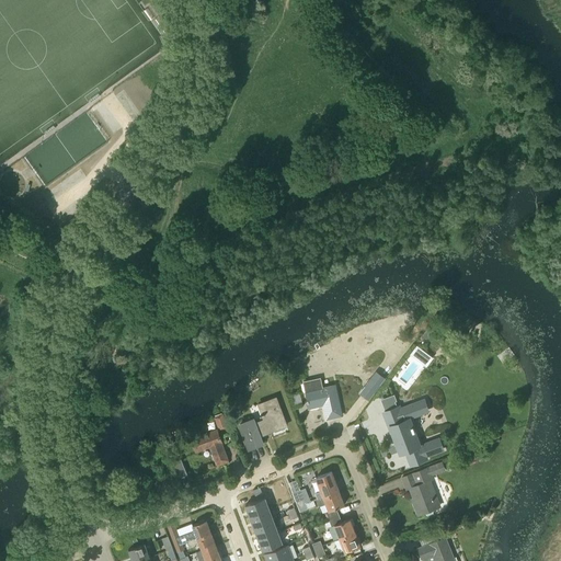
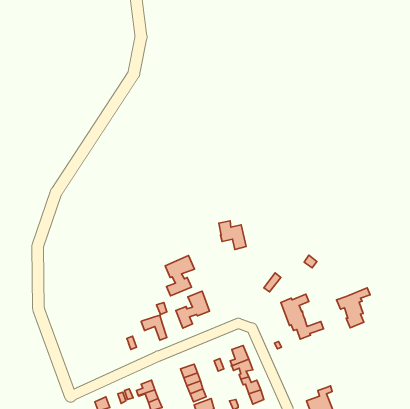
building: none -> [165,256,194,296]
building: [305,381,342,421] -> [219,221,246,250]
building: [400,461,446,516] -> [337,288,370,328]

